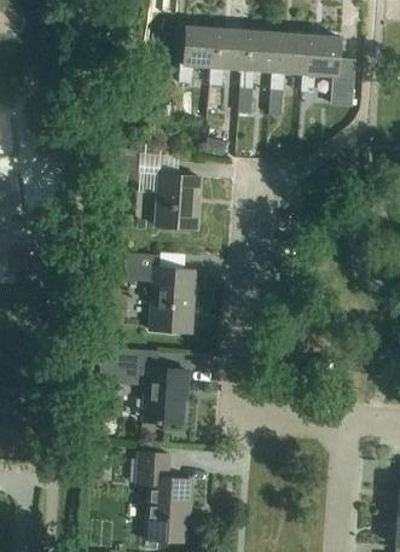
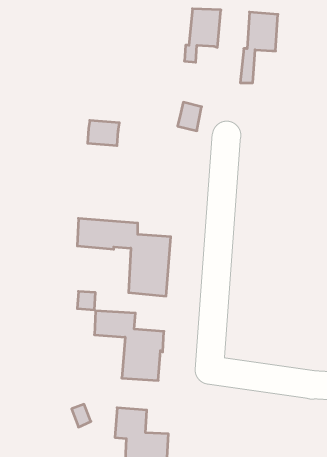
building: [179,25,218,82] -> none
building: [238,29,278,114] -> none
building: [301,34,353,103] -> none
building: [153,174,201,228] -> none

